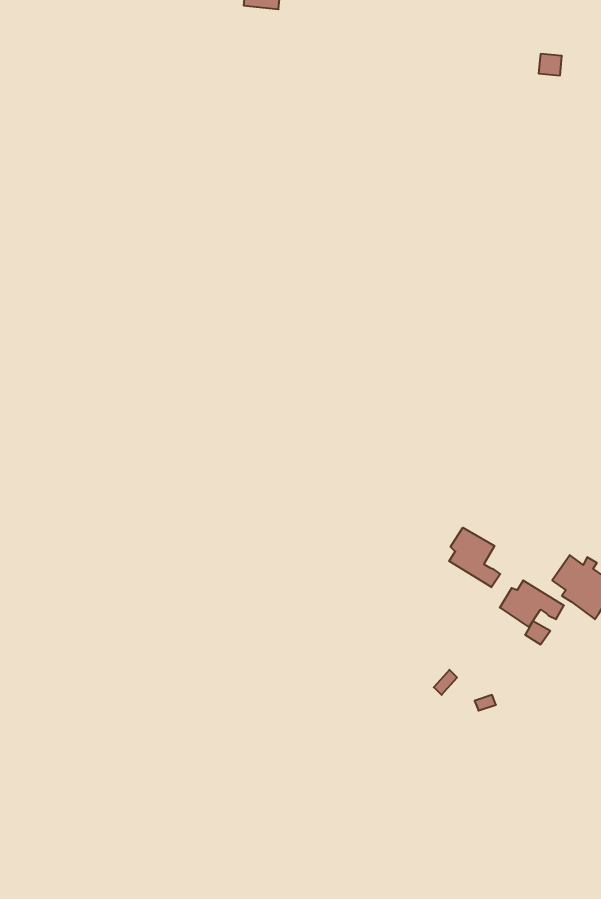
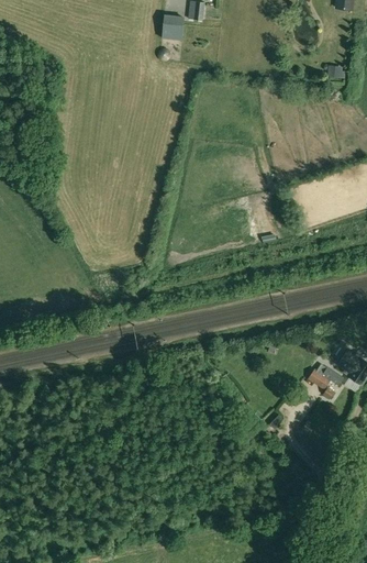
building: [449,528,500,587] -> none

